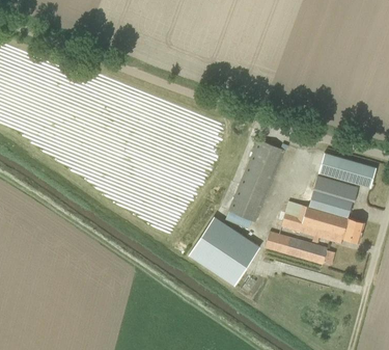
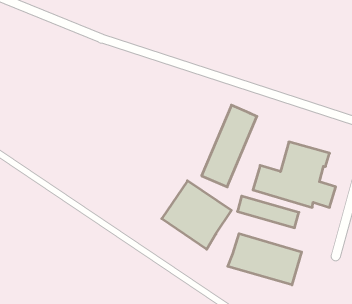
building: [318,153,377,187] -> none
building: none -> [228,234,302,285]

